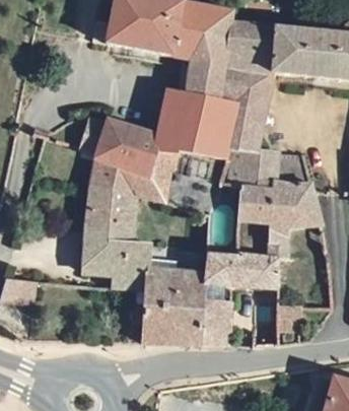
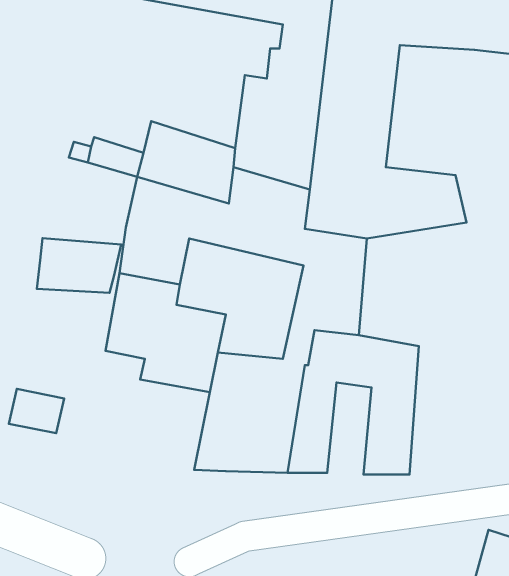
building: [240,184,327,345] -> none
building: none -> [37,238,121,293]

